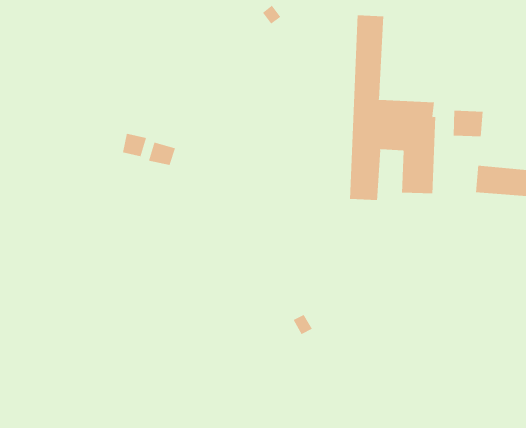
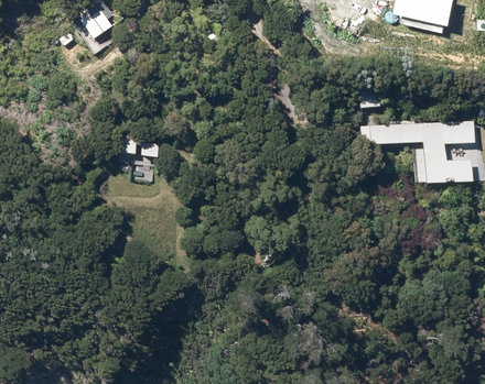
building: [349,14,436,201] -> none

